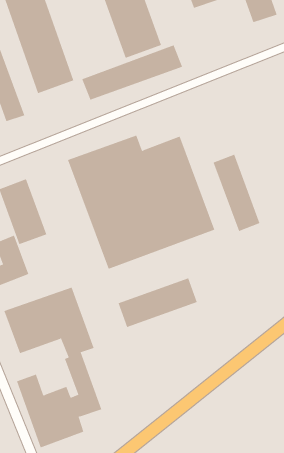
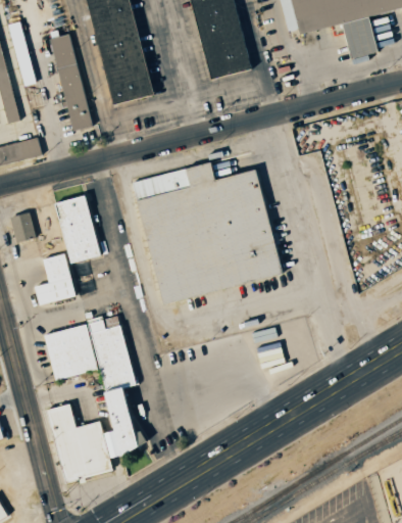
building: [82,45,183,101] -> none
building: [213,154,260,232] -> none
building: [118,277,198,328] -> none

